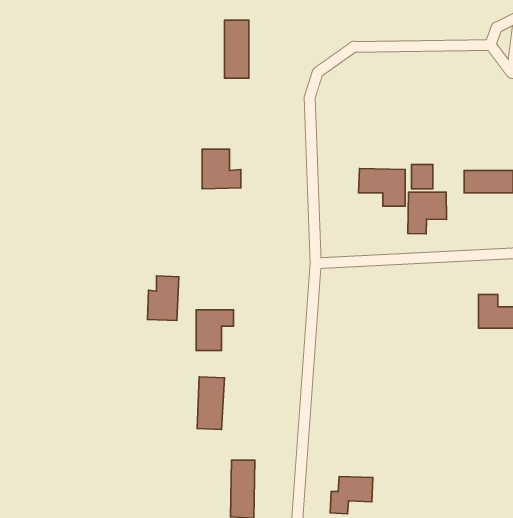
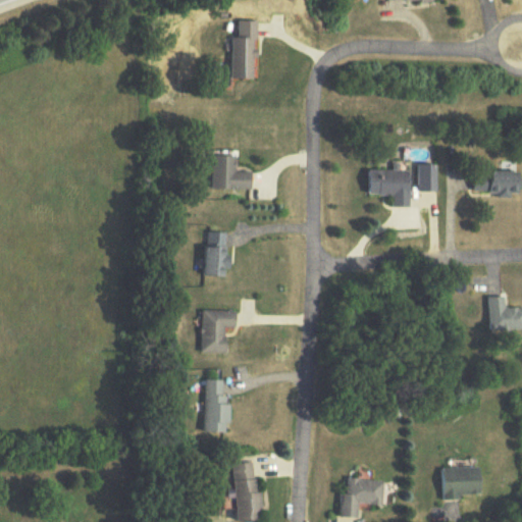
building: [408,192,446,234] -> none
building: [147,276,179,321] -> [200,231,231,276]
building: none -> [438,466,480,498]

